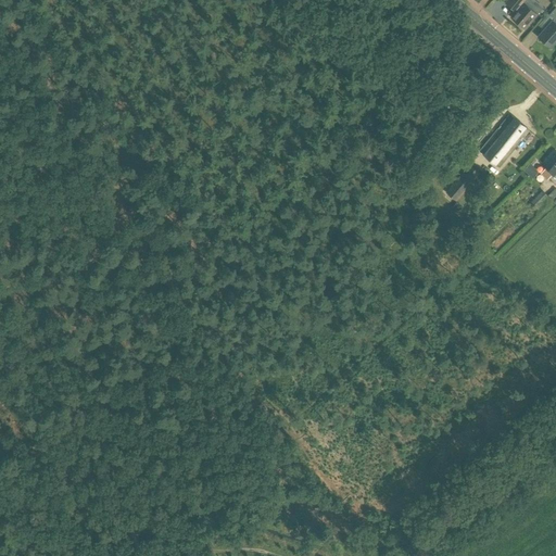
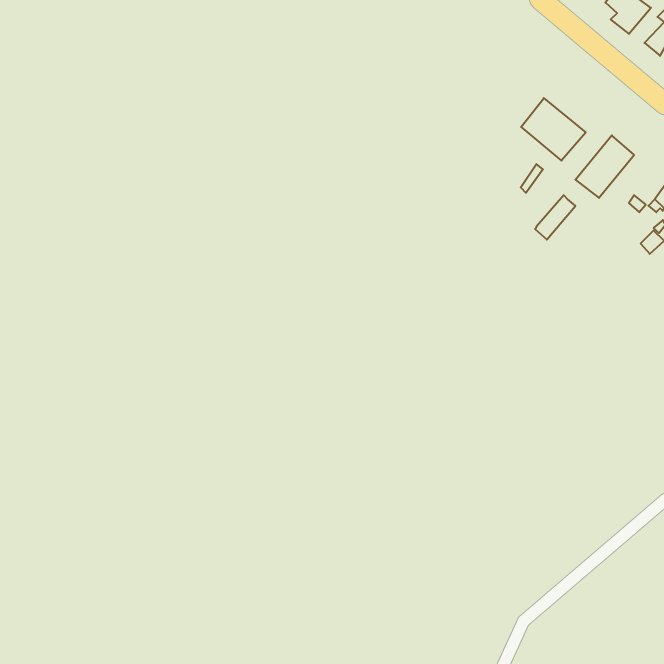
building: none -> [521,98,586,161]

